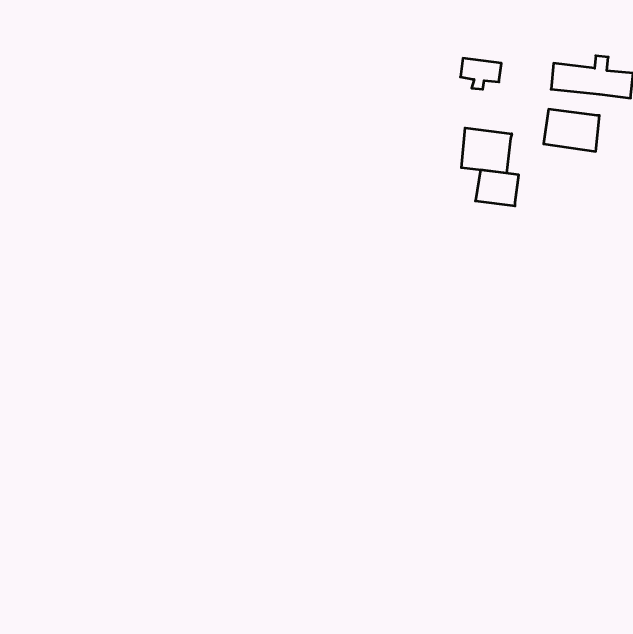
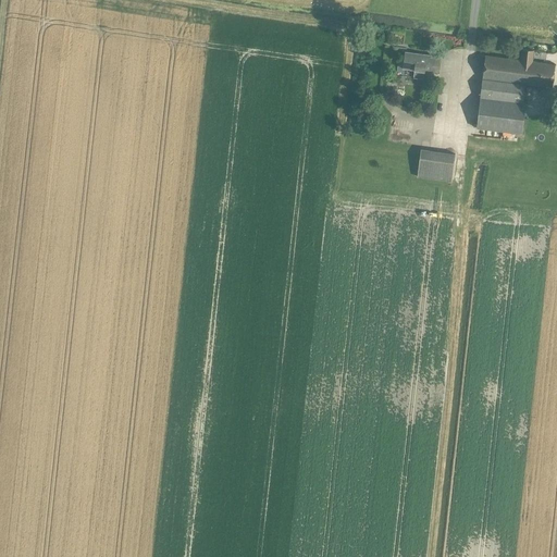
building: none -> [481,78,525,101]
building: [461,128,512,173] -> none

